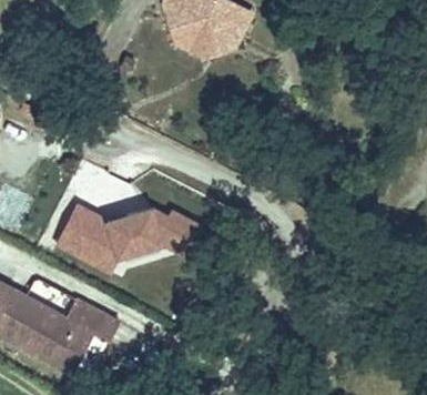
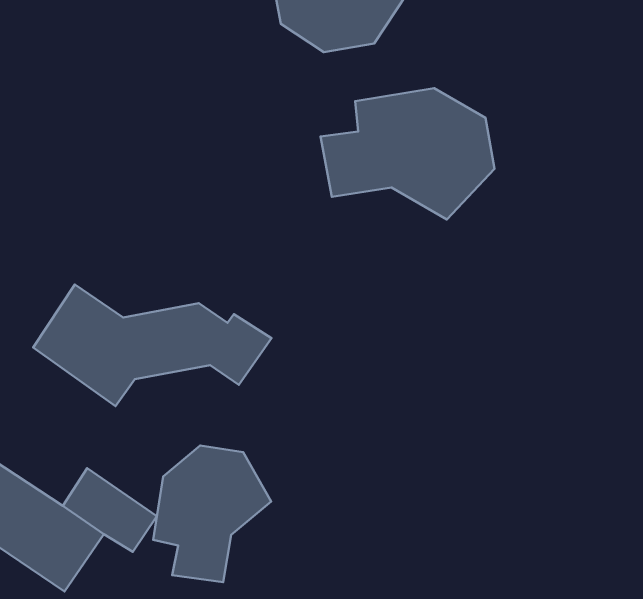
building: none -> [320,88,495,220]
building: none -> [153,446,271,582]

